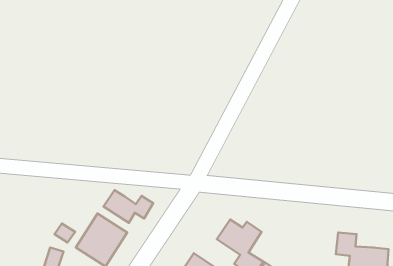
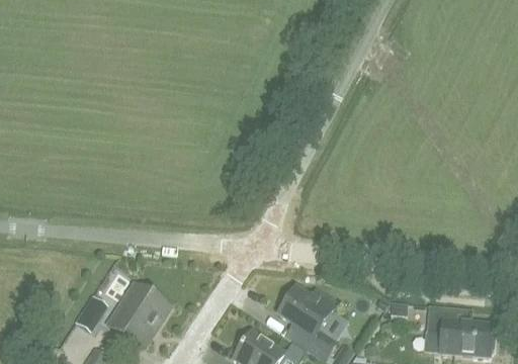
building: [104,190,153,223] -> none

